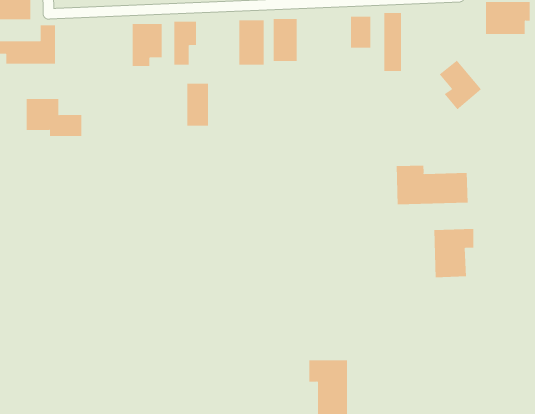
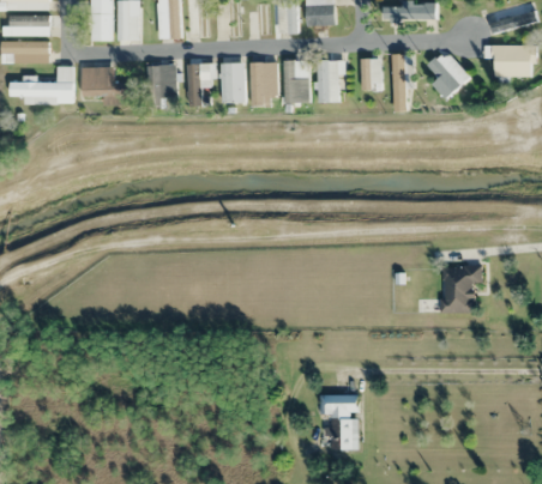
building: none -> [319,60,344,98]
building: [439,60,482,110] -> [428,49,470,98]
building: [187,83,209,126] -> [223,61,245,103]
building: [26,99,82,137] -> [82,66,137,103]
building: [396,165,468,205] -> none

